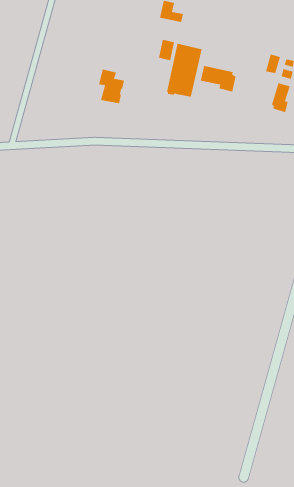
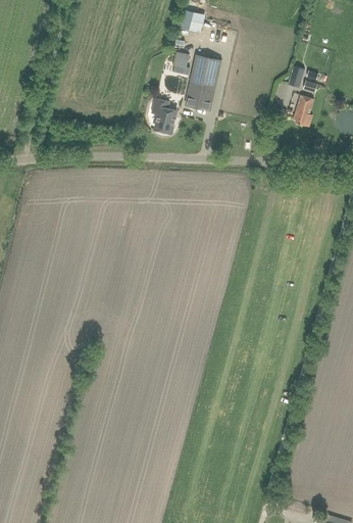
building: [200,65,236,92] -> none
building: [98,69,125,104] -> [150,97,178,134]

